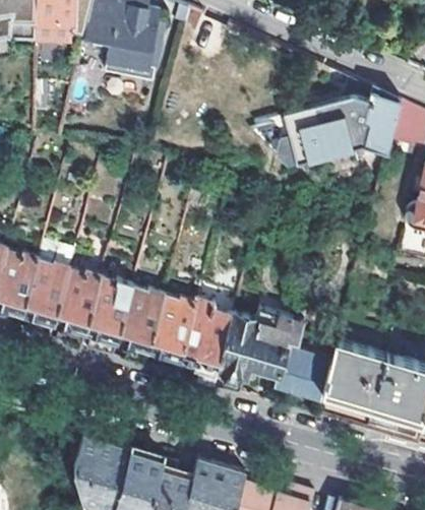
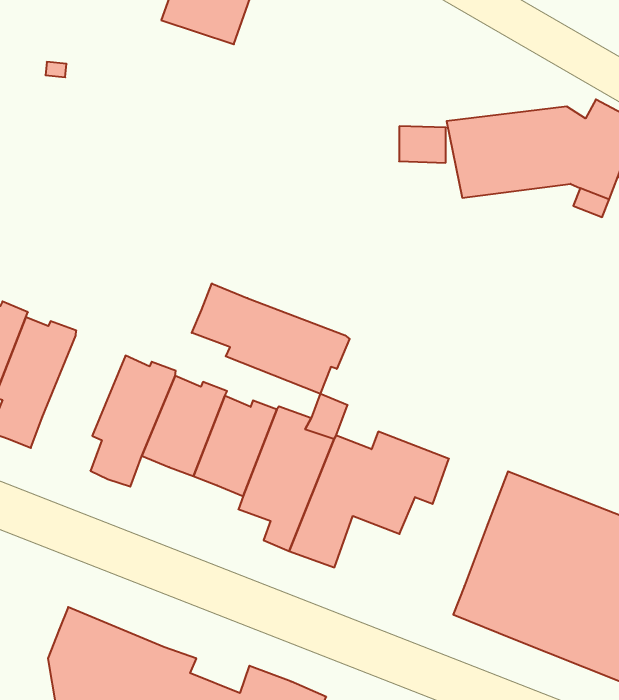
building: none -> [192,283,350,394]
building: [55,267,102,327] -> none
building: [276,344,332,395] -> none

